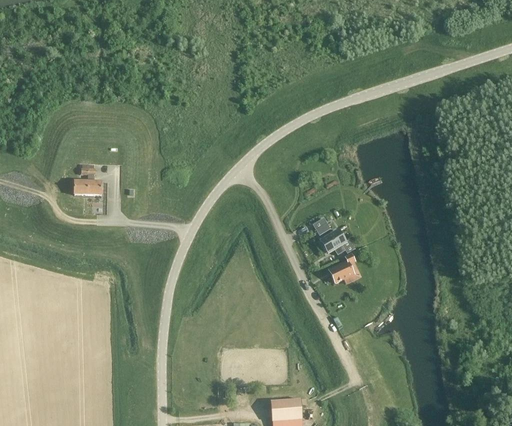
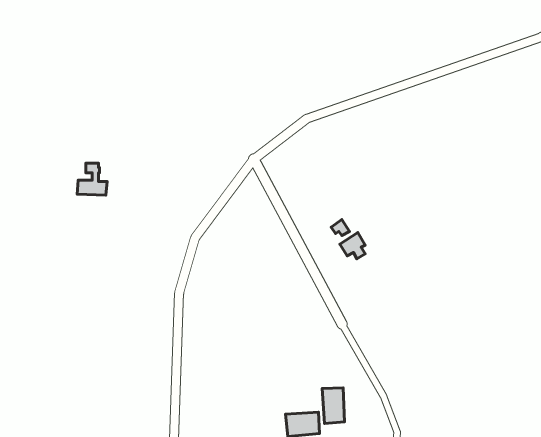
building: [329,254,355,283] -> none
building: none -> [322,388,344,424]

